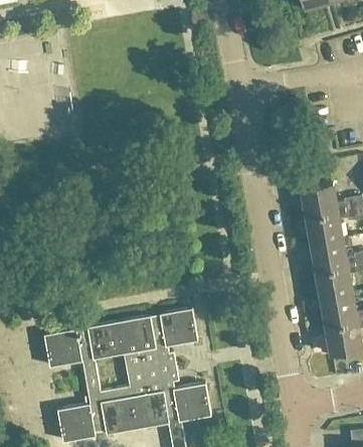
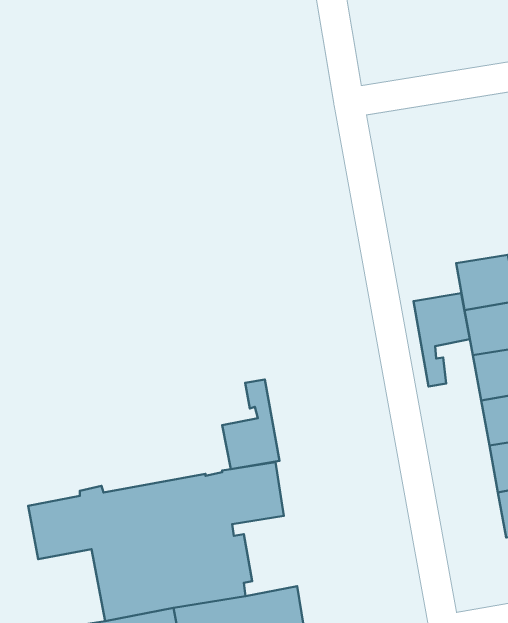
building: none -> [413,293,470,386]
building: none -> [222,379,279,469]

